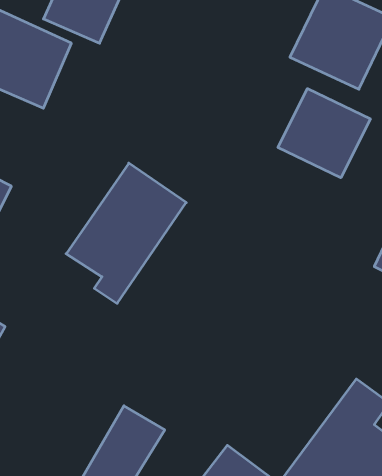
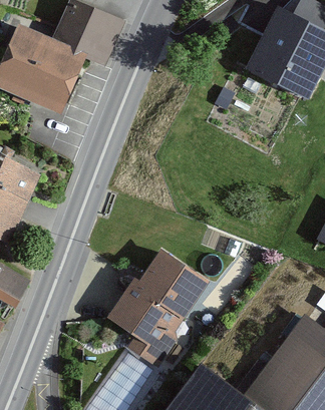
building: [278,89,370,178] -> none
building: [66,163,186,303] -> [111,249,206,359]

